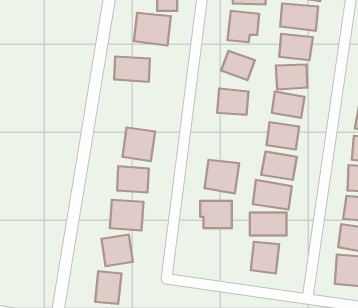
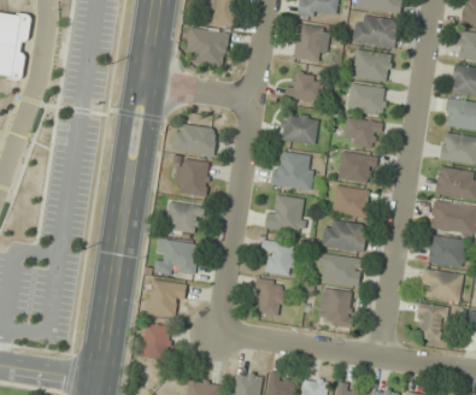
building: [114,56,150,82] -> [174,125,215,154]
building: none -> [272,152,313,189]
building: none -> [252,278,287,316]

